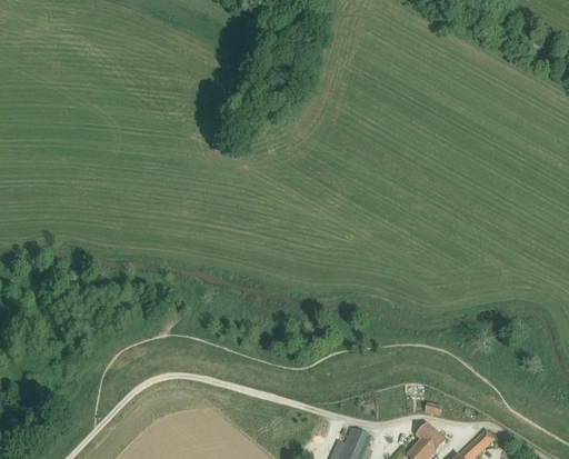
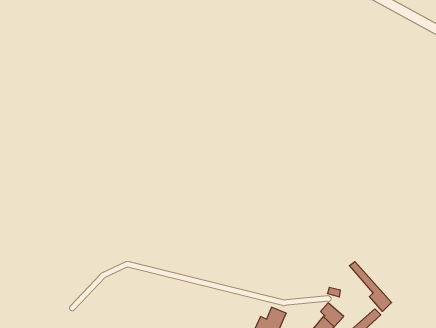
building: none -> [349,262,392,311]

